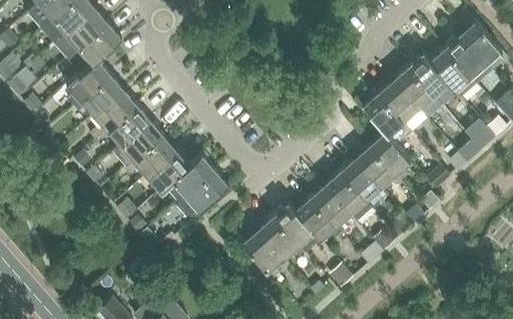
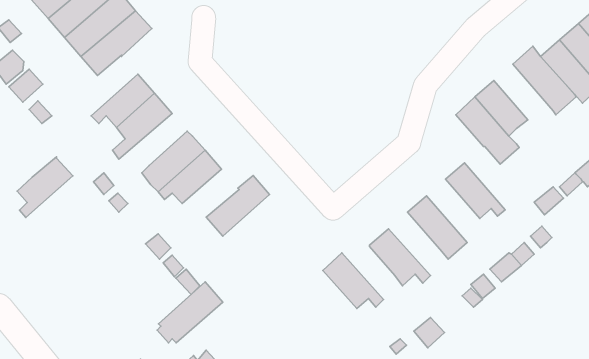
building: [66,59,110,107] -> [17,157,73,218]
building: [392,66,439,110] -> none
building: [106,105,149,146] -> none
building: [369,131,411,182] -> none
building: [145,149,190,193] -> none
building: [339,157,386,208] -> none
building: [176,170,228,218] -> [157,282,223,343]
building: [309,184,351,234] -> none
building: [272,203,320,253] -> none
building: [241,230,284,280] -> none

